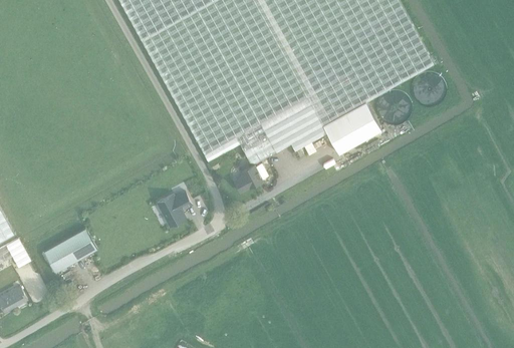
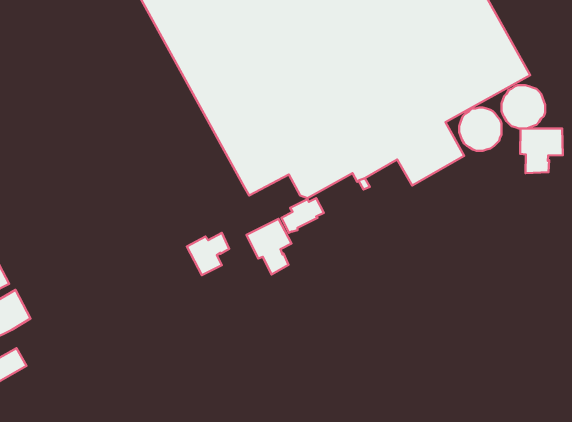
building: none -> [520,128,563,173]
building: none -> [247,219,292,275]
building: [42,228,93,271] -> none

